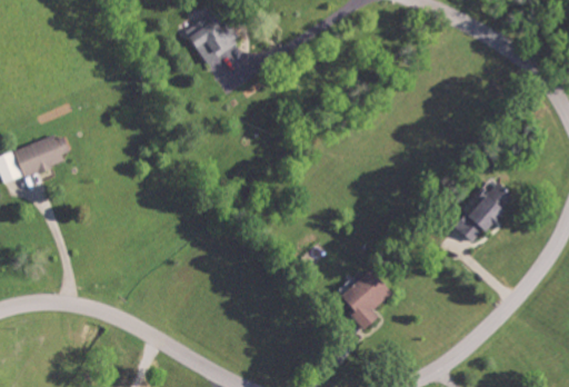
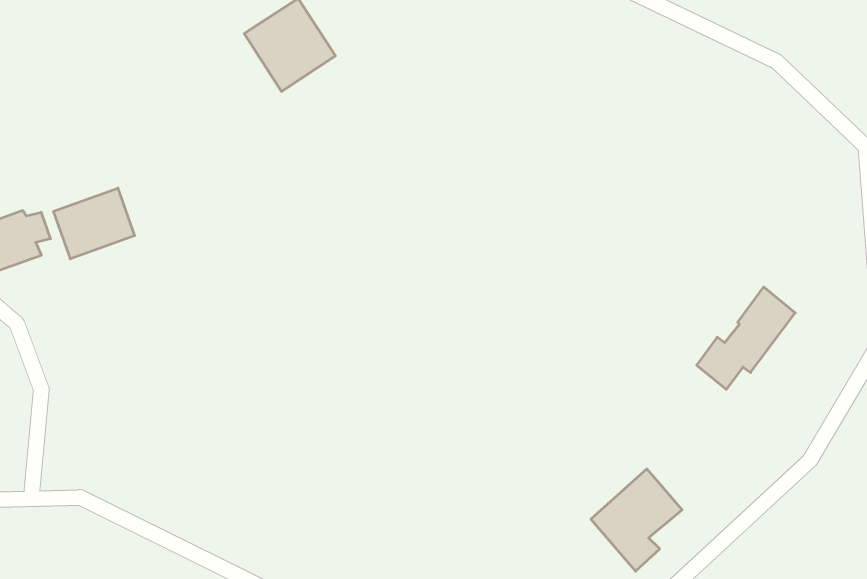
building: none -> [54,188,135,259]
building: [337,269,391,330] -> [591,469,682,571]

